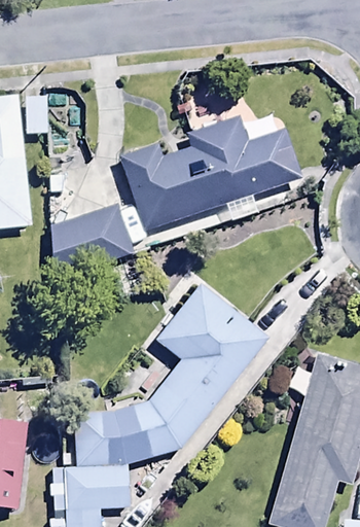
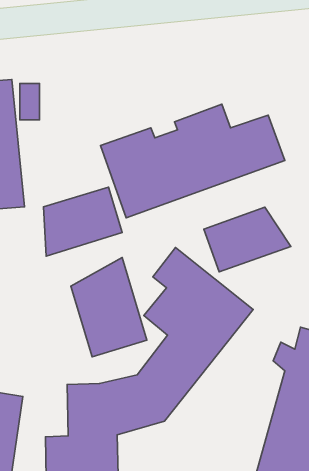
building: none -> [204,207,291,272]
building: none -> [71,257,147,357]

